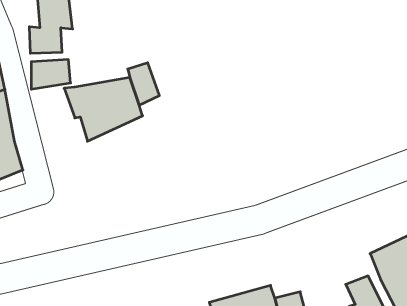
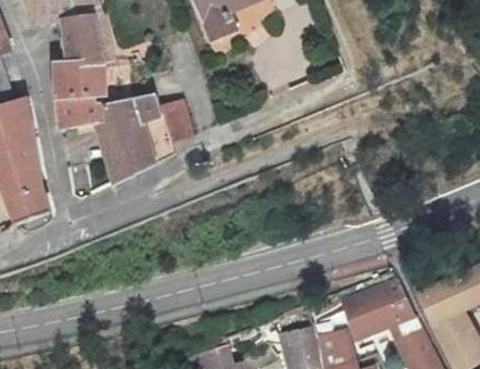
building: none -> [106,90,165,124]
building: none -> [338,280,409,339]

